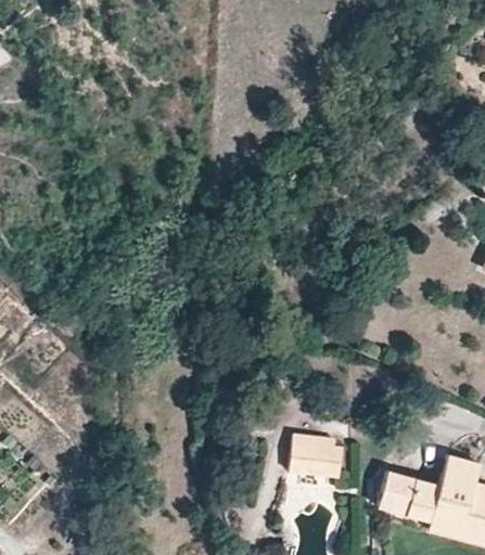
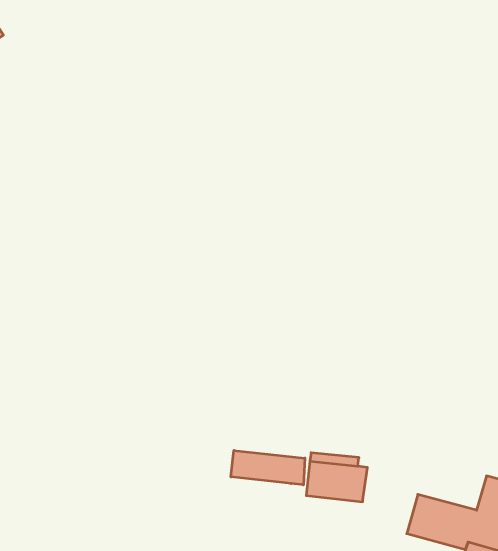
building: none -> [231,450,305,485]

